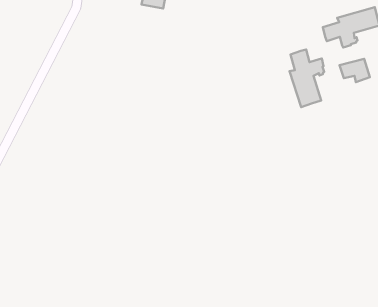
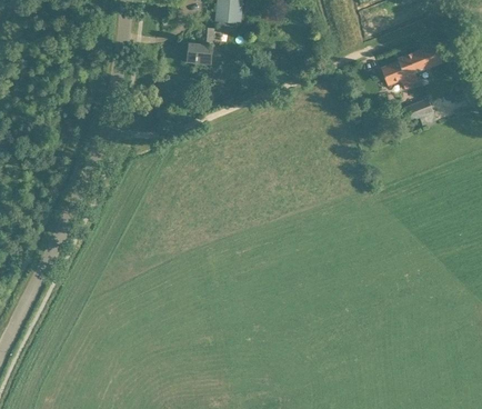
building: [290,50,324,107] -> none

